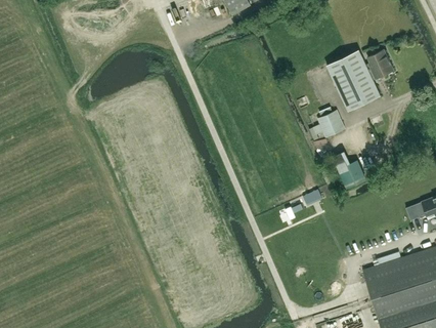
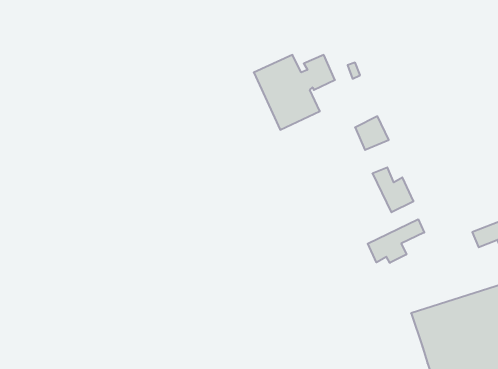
building: [326,50,393,112] -> [254,55,335,130]
building: none -> [368,219,424,263]

